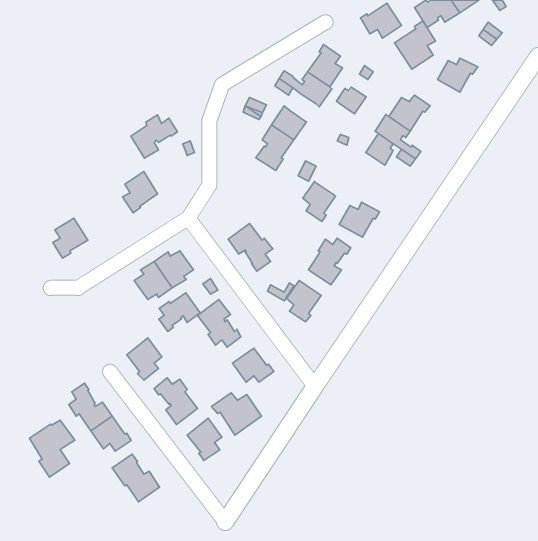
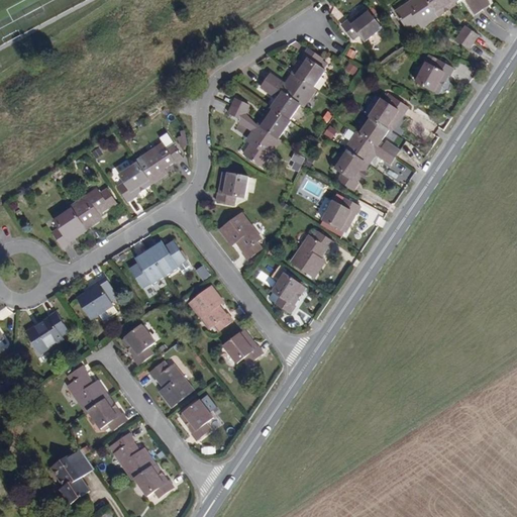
building: [395,21,436,69] -> none
building: [336,87,366,114] -> [274,90,302,115]
building: [131,115,177,158] -> [137,143,182,185]
building: none -> [217,173,246,203]
building: [303,181,336,222] -> [337,144,369,183]
building: none -> [71,188,116,229]
building: none -> [75,277,117,318]
building: [159,293,200,331] -> none
building: none -> [26,313,69,354]
building: [211,393,261,435] -> none
building: [29,420,75,477] -> [56,457,99,512]
building: none -> [132,464,171,498]

